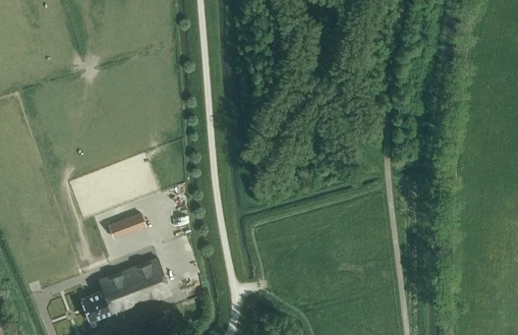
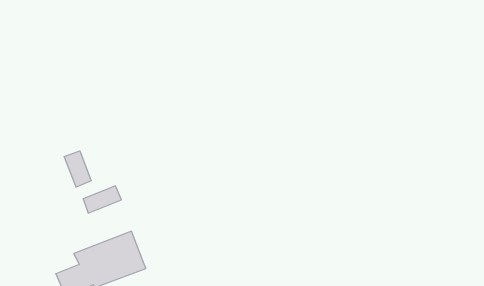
building: none -> [64,151,91,187]

